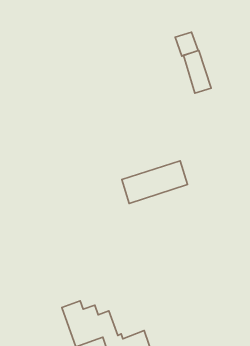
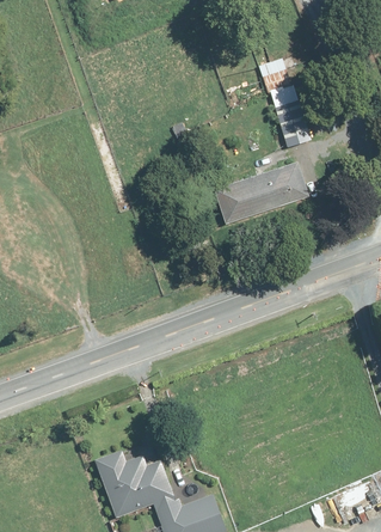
building: [122,161,188,203] -> [211,161,307,224]

